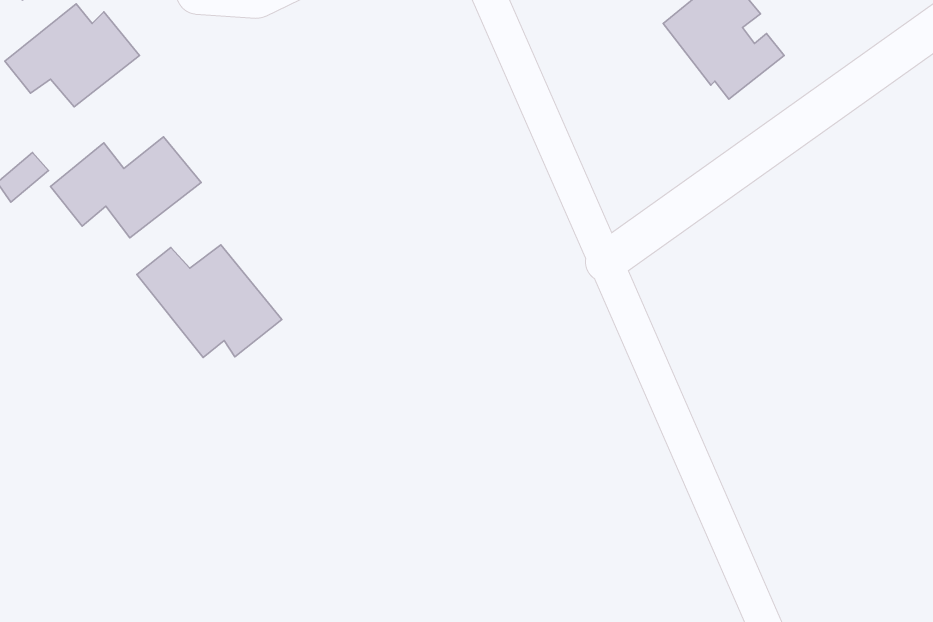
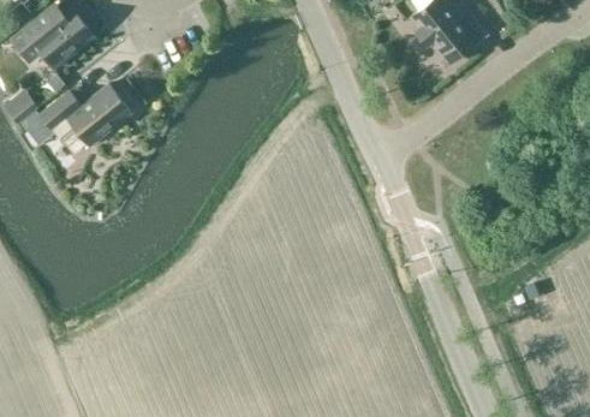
building: [137,245,282,357] -> none

